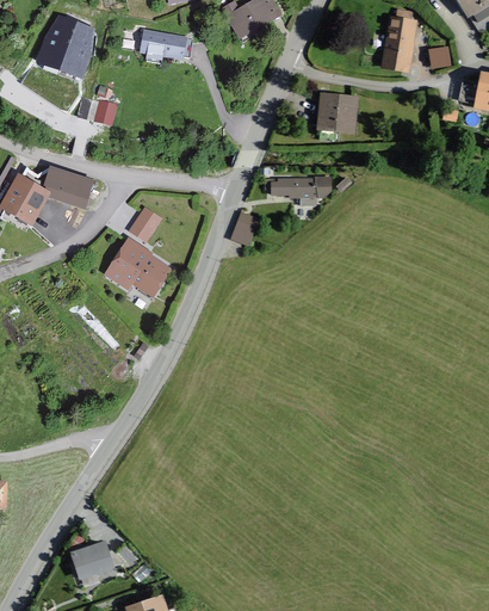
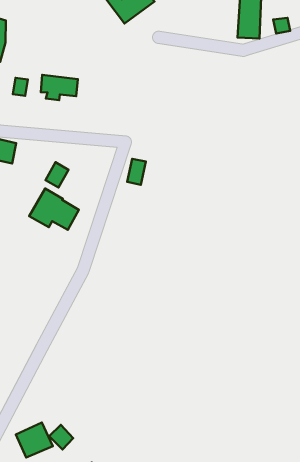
building: [137,27,185,61] -> [41,75,78,100]
building: [318,93,357,132] -> none
building: [264,175,330,204] -> none

